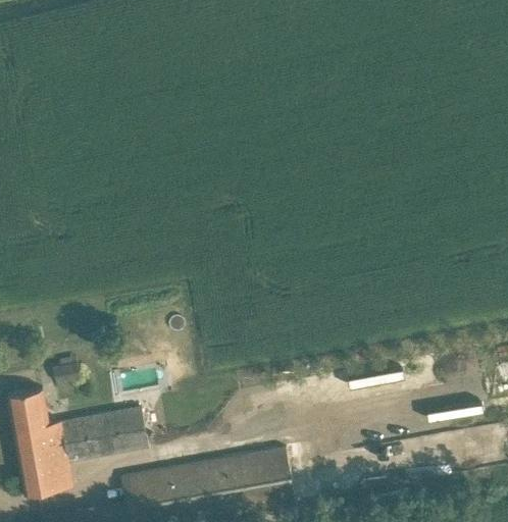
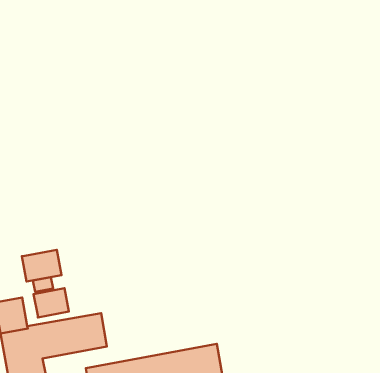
building: none -> [22,250,62,282]
building: none -> [34,288,69,317]

